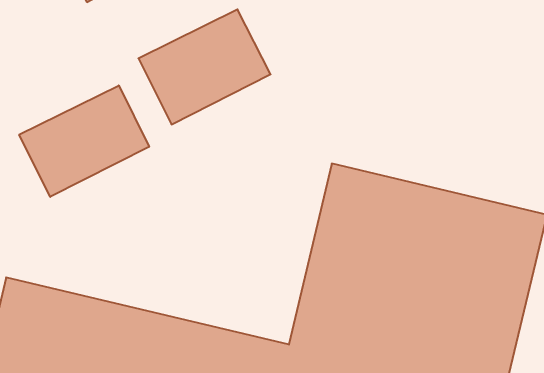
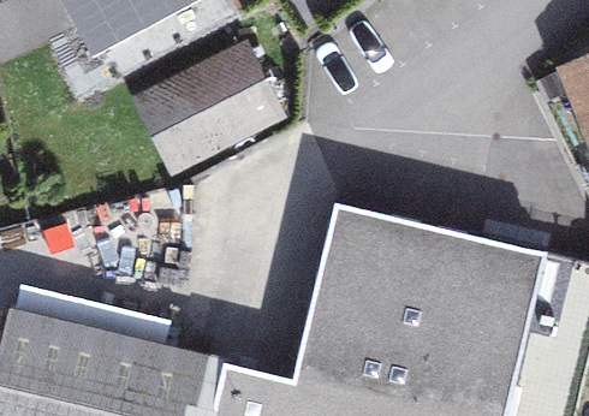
building: [19,85,149,197] -> none

